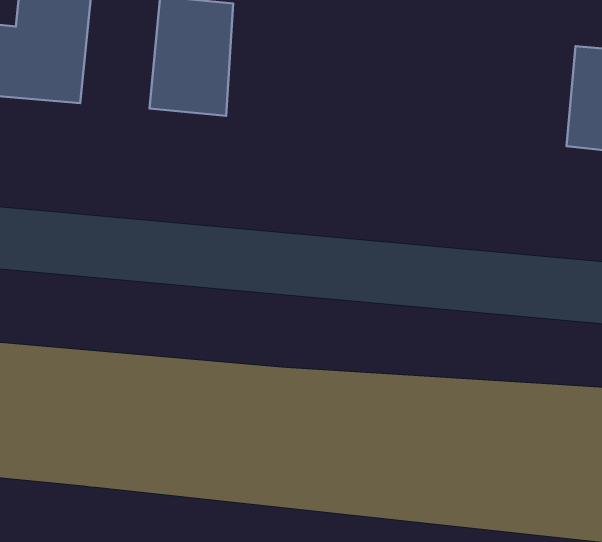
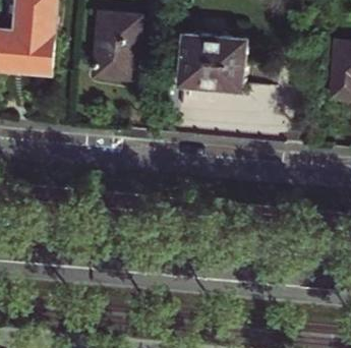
building: none -> [178,33,245,90]

